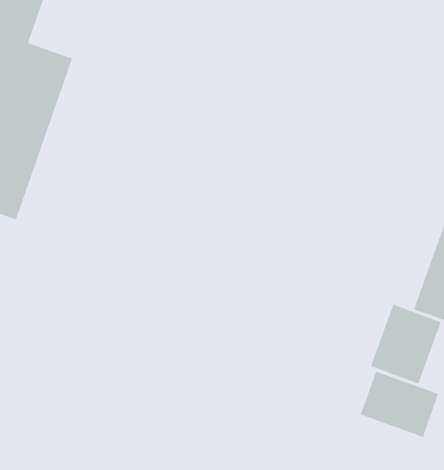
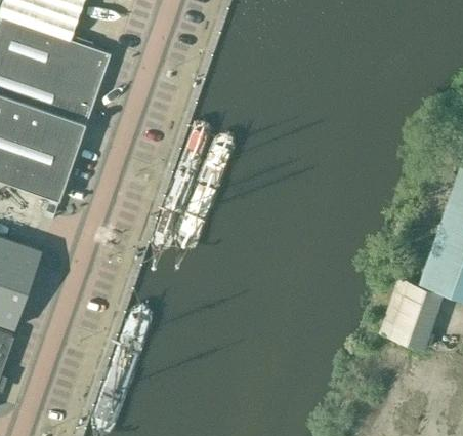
building: [360,371,439,438] -> none

